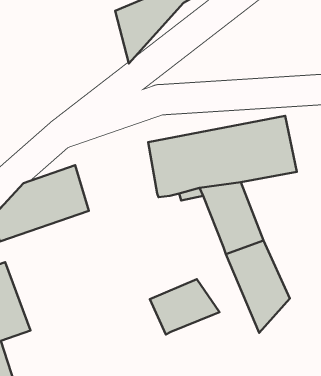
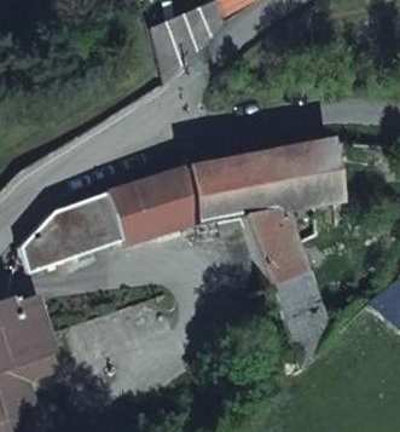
building: none -> [109,166,196,243]
building: [150,279,219,334] -> none

